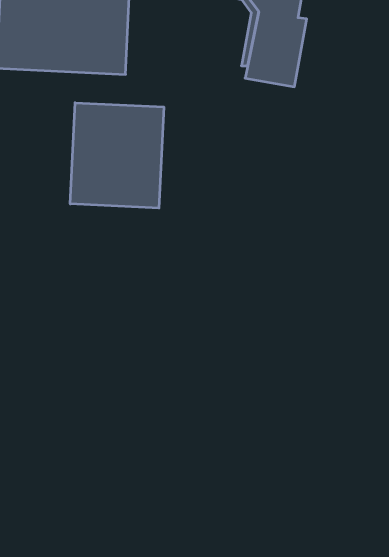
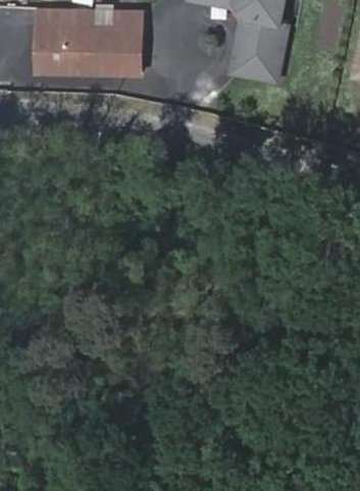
building: [70,103,164,208] -> none

